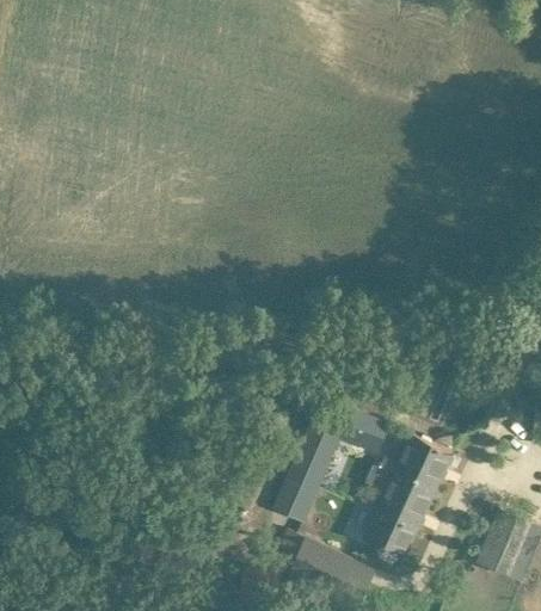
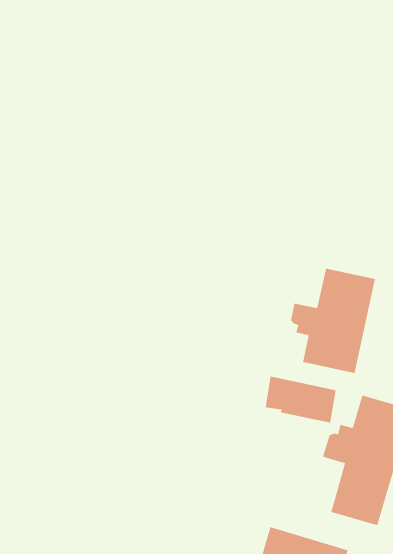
building: none -> [290,268,375,374]
building: [273,434,345,524] -> none

